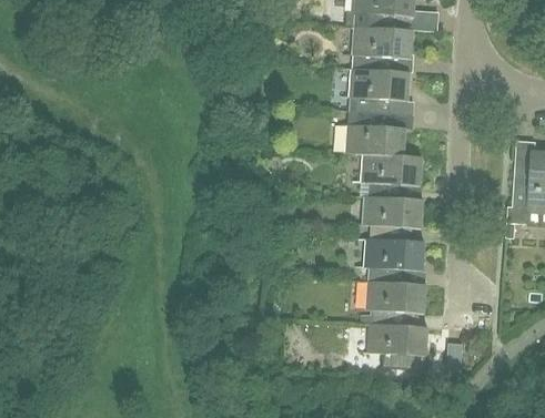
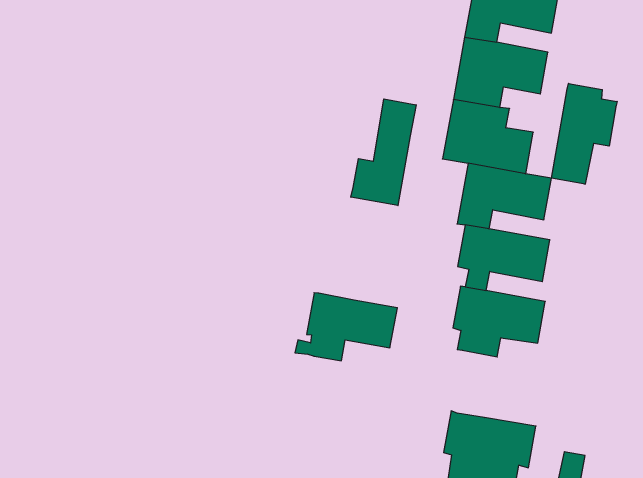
building: none -> [551,83,617,184]
building: none -> [351,99,416,206]
building: [360,279,426,324] -> [295,293,397,361]

